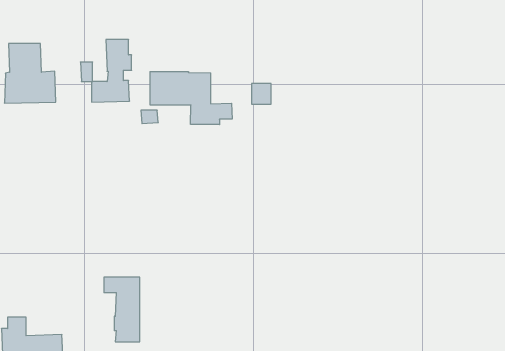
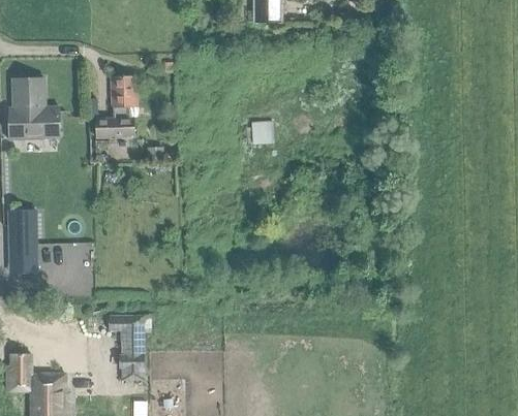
building: [150,72,232,125] -> none
building: none -> [7,211,35,266]

